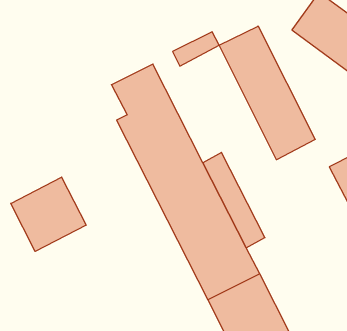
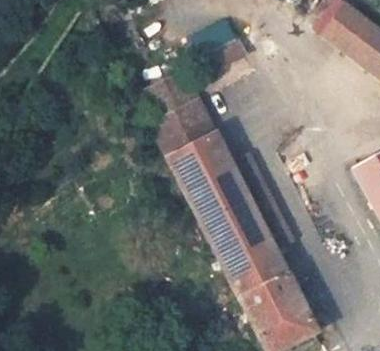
building: [219,26,315,160] -> none
building: [11,177,86,251] -> none

